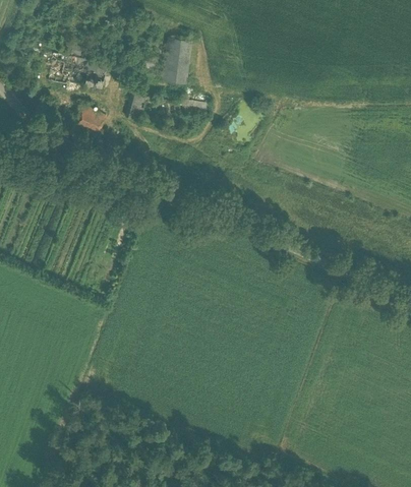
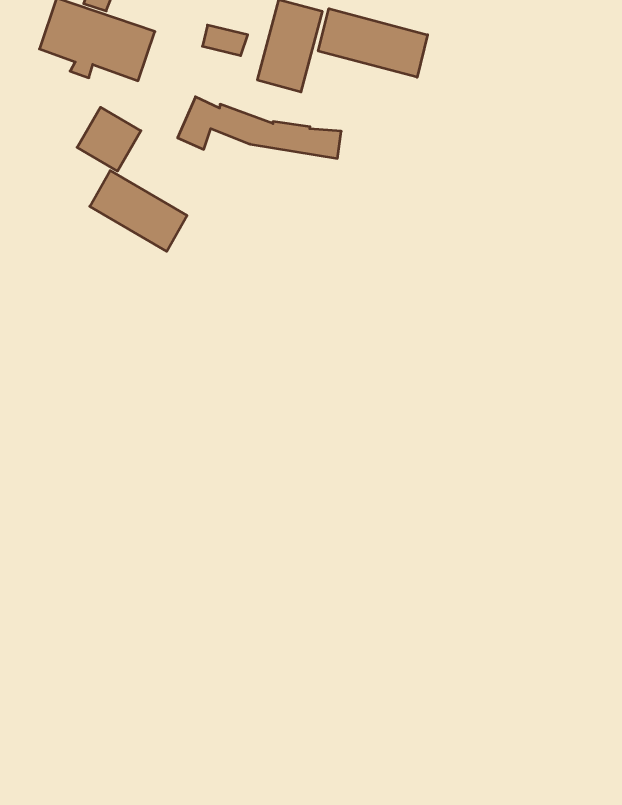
building: none -> [318,9,428,77]
building: none -> [90,171,187,251]

